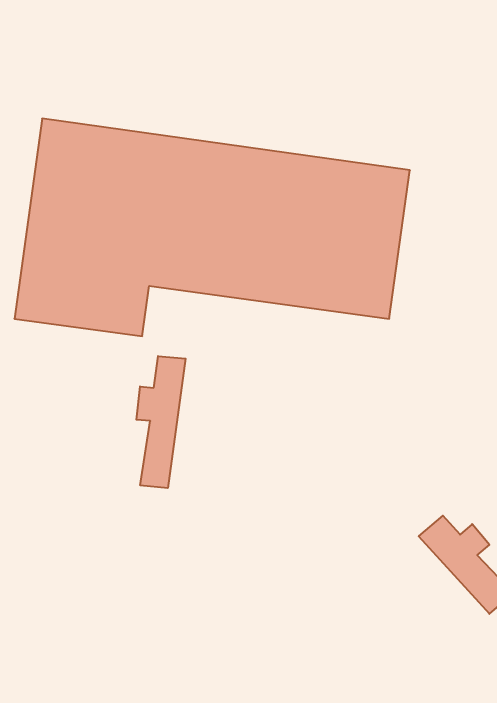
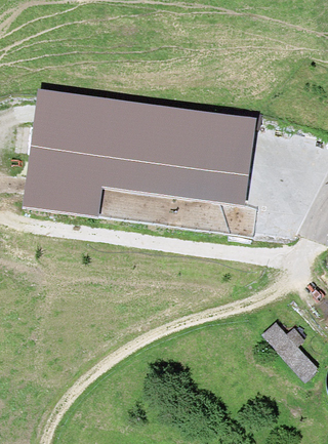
building: [136,356,186,488] -> none

